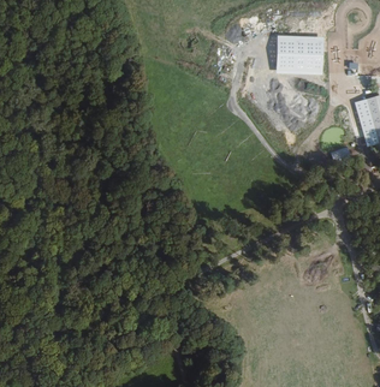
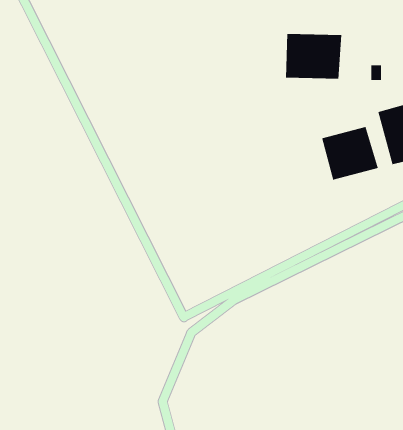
building: none -> [321,126,378,180]

